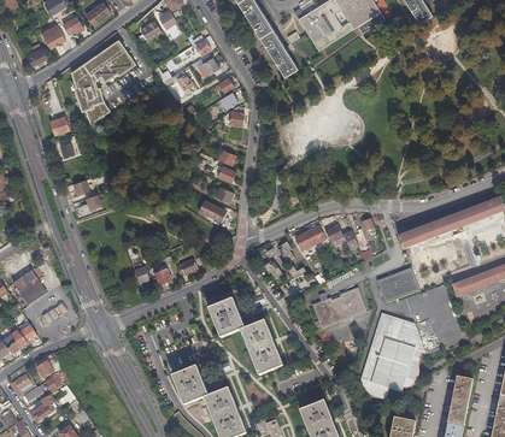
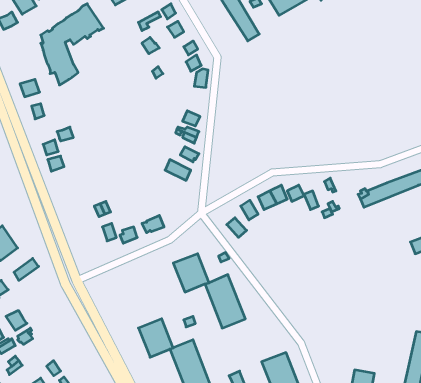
building: [377,268,421,303] -> none
building: [312,288,368,329] -> none
building: [360,313,417,394] -> none

